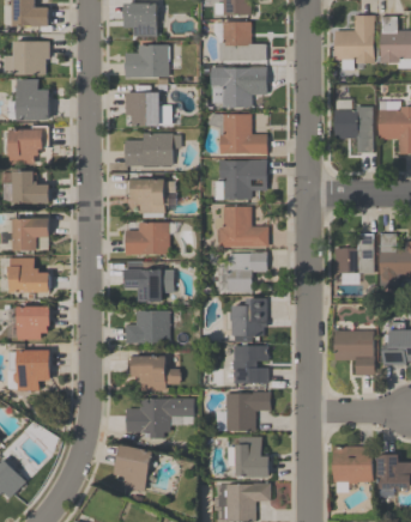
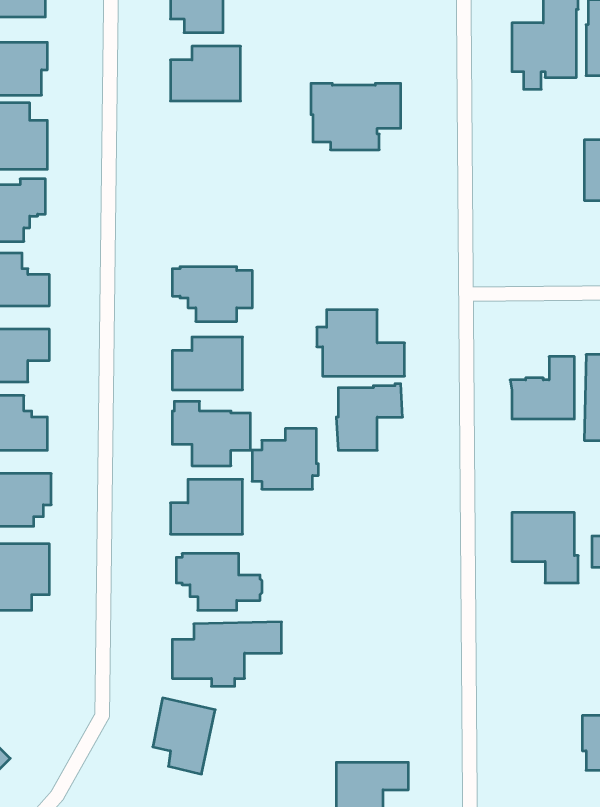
building: [219,22,265,61] -> none
building: [126,85,171,126] -> none
building: [334,99,373,152] -> none
building: [207,114,267,154] -> none
building: [125,133,181,166] -> none
building: [214,159,267,199] -> none
building: [226,298,267,335] -> [252,429,318,489]
building: [232,345,268,383] -> none
building: [225,392,271,431] -> none
building: [226,437,270,477] -> none
building: [333,447,371,492] -> none

